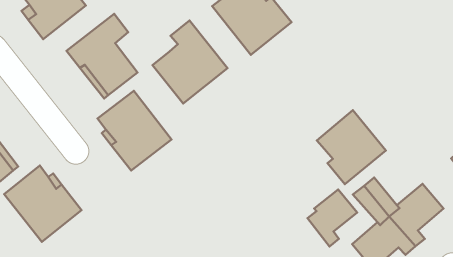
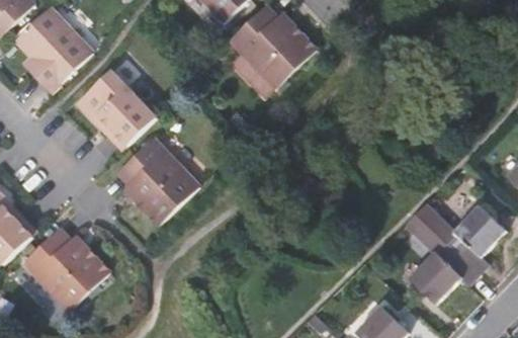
building: [153,21,227,103] -> none
building: [317,110,386,184] -> none
building: [307,189,357,247] -> none

